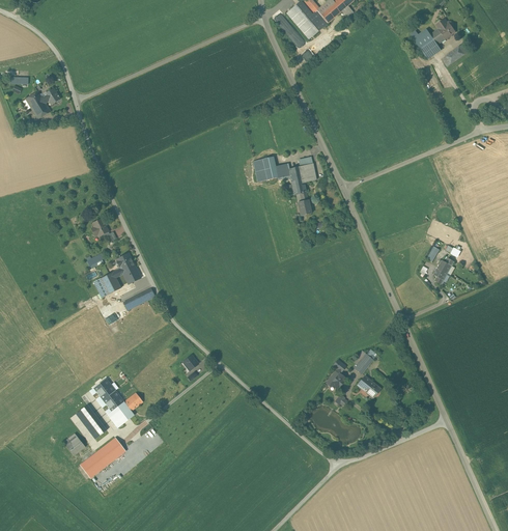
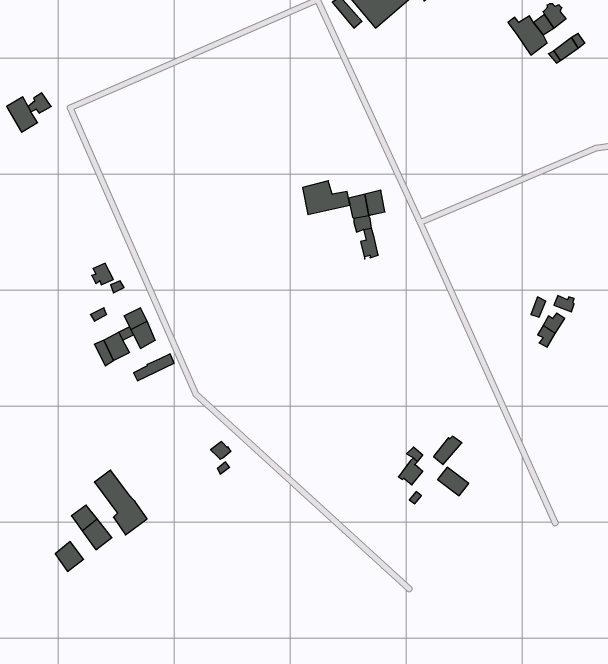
building: [81,438,124,477] -> none

